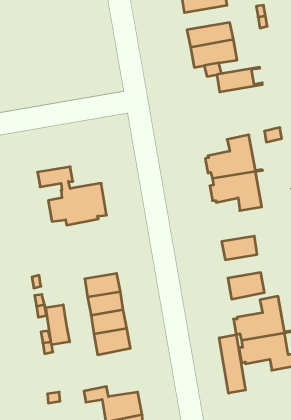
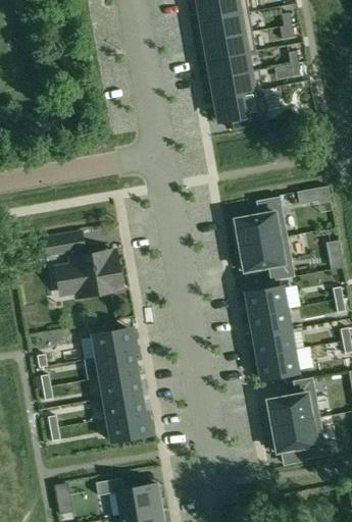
building: [217,67,262,92] -> [208,52,259,80]
building: none -> [246,288,287,316]
building: none -> [93,329,133,358]
building: none -> [254,330,294,357]
building: [46,305,70,345] -> none
building: [219,335,246,393] -> none

